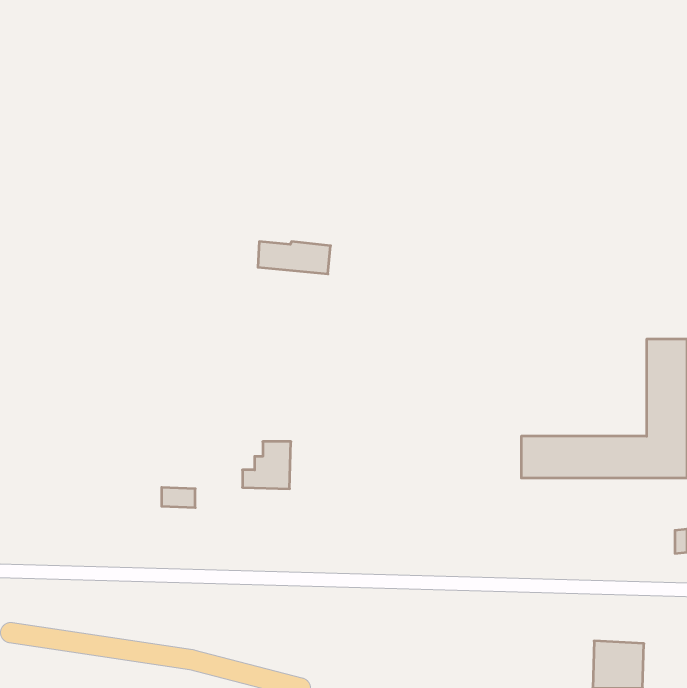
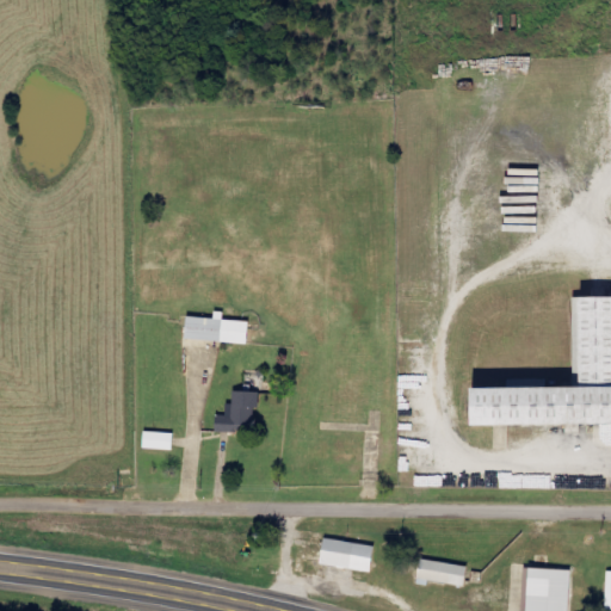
building: [258,242,331,274] -> [185,316,249,345]
building: none -> [319,537,376,574]
building: none -> [416,558,469,587]

